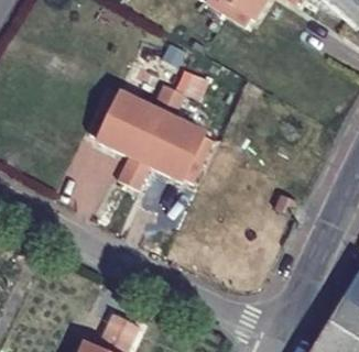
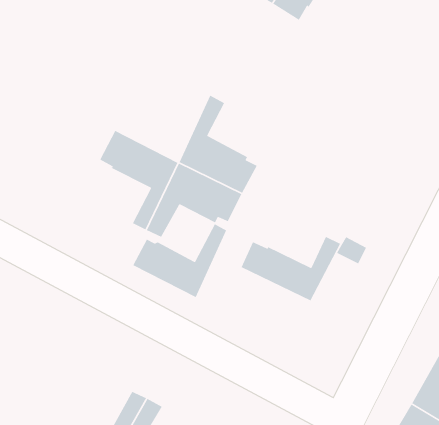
building: [101,78,175,136] -> [132,223,227,298]
building: none -> [240,236,341,301]

